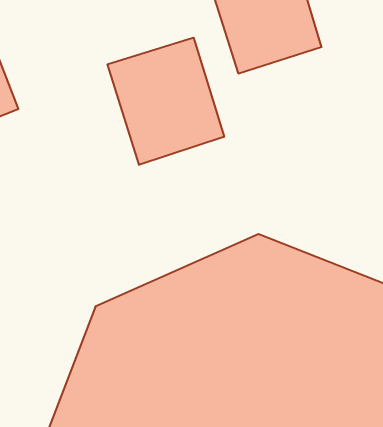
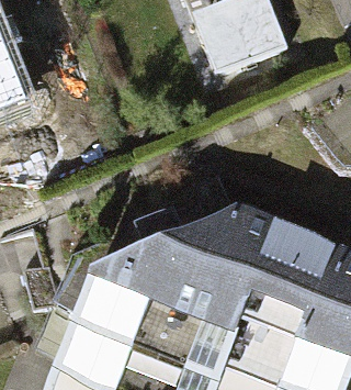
building: [108,38,224,165] -> none

